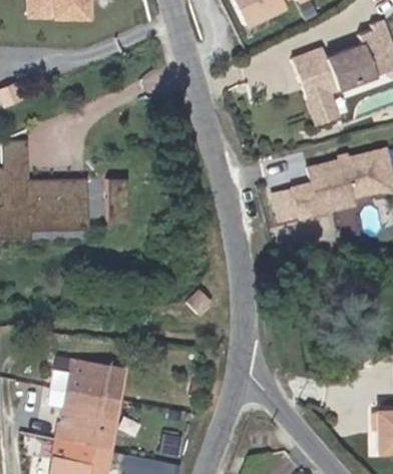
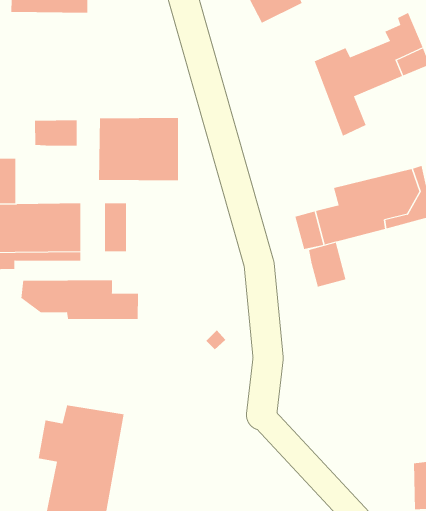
building: none -> [98,117,178,181]
building: none -> [34,120,77,146]
building: none -> [308,242,346,288]
building: none -> [21,279,138,320]

